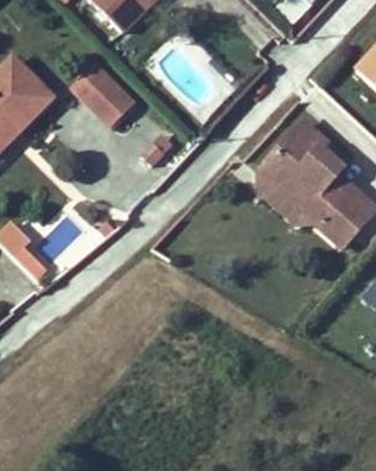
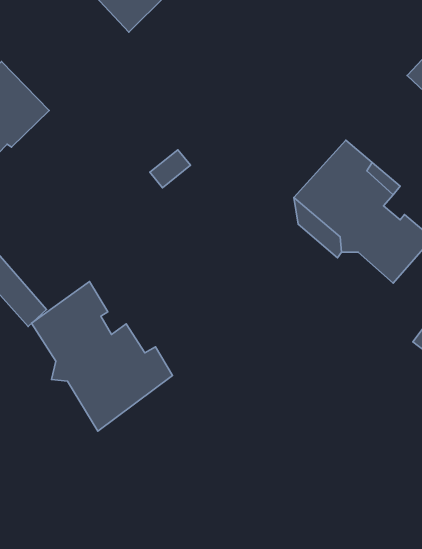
building: [81,70,136,126] -> none
building: none -> [32,281,173,431]

